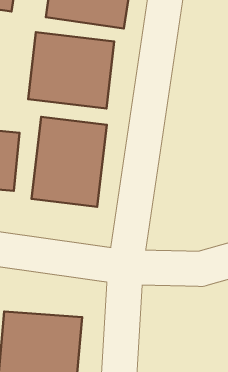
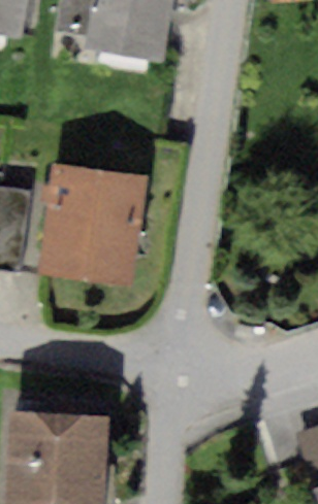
building: [28,32,114,108] -> none

